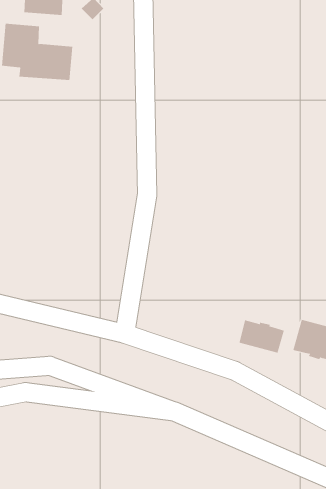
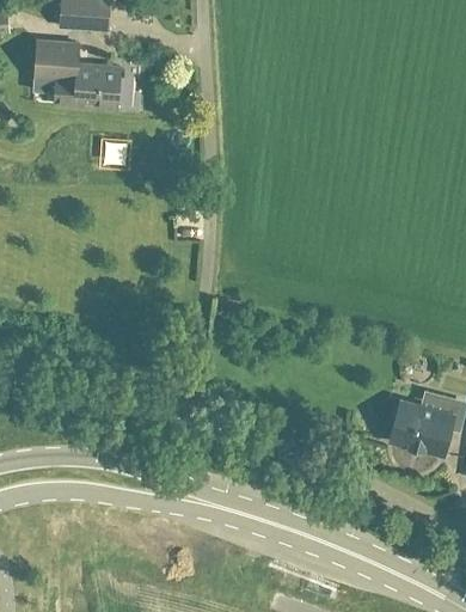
building: [239,319,285,353] -> none

